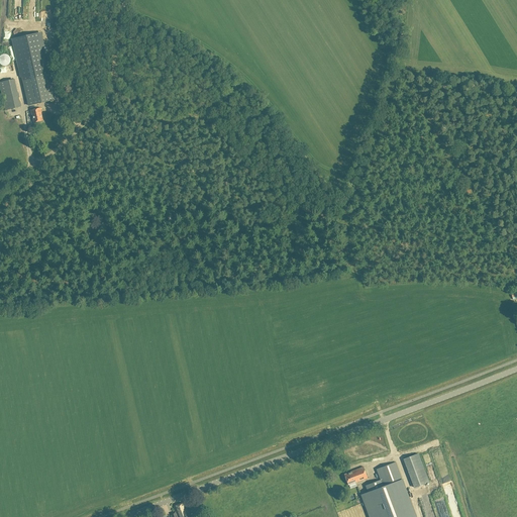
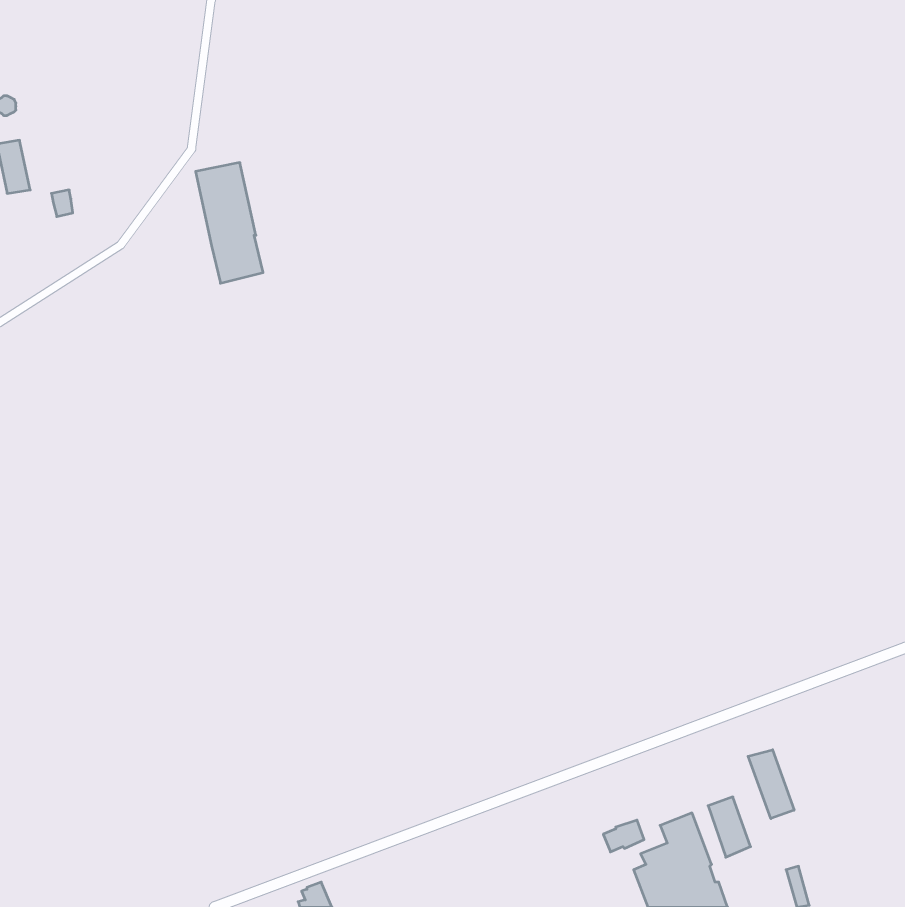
building: [14,37,53,106] -> [196,163,263,283]
building: none -> [748,750,794,819]

